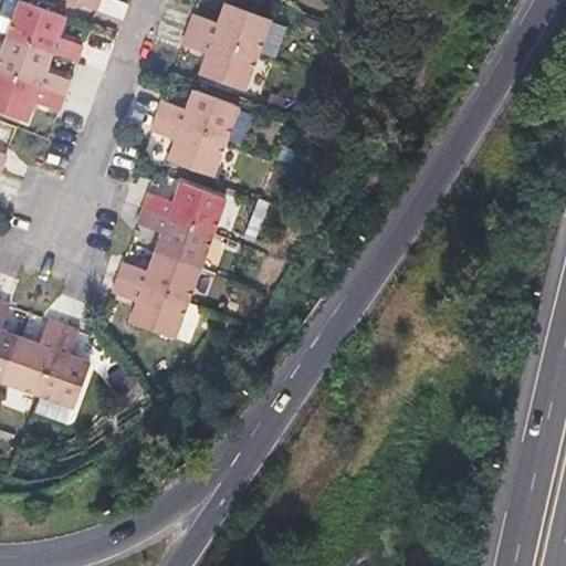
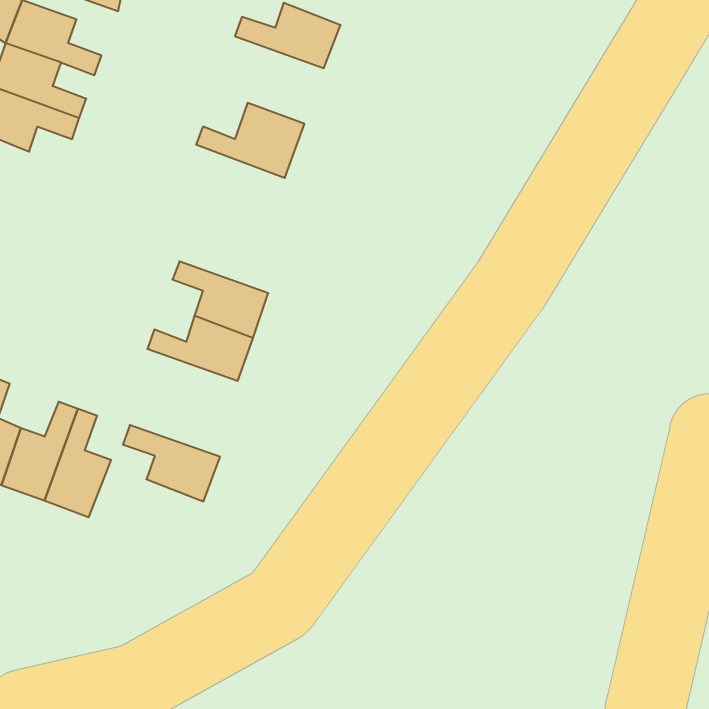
building: [181,29,258,98] -> none
building: [150,115,227,176] -> none
building: [143,181,226,233] -> none
building: [112,277,189,338] -> [123,425,220,501]

